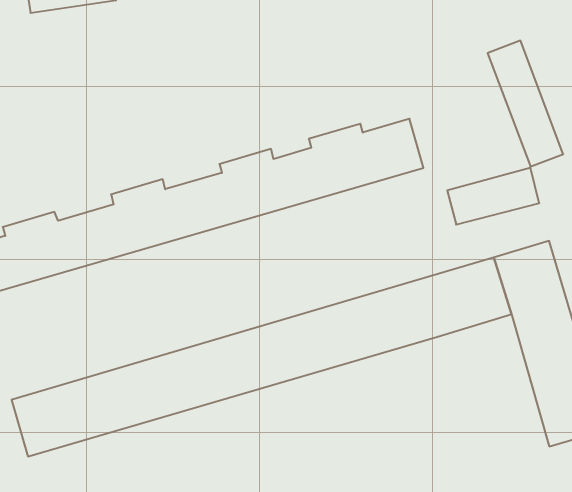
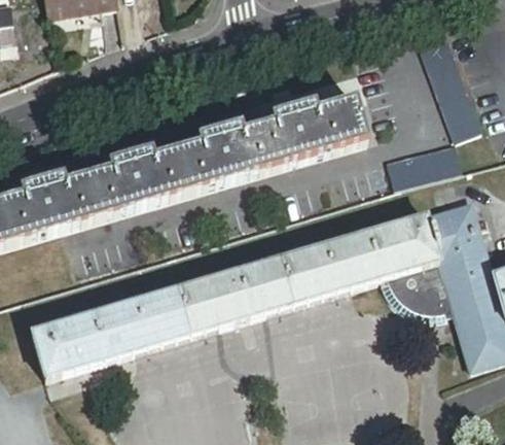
building: none -> [378,259,455,317]

